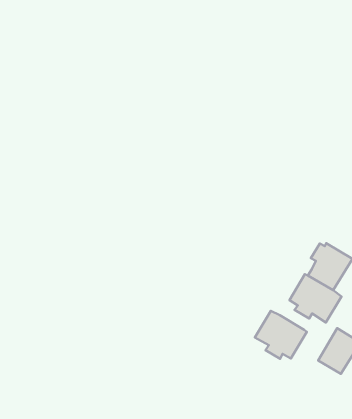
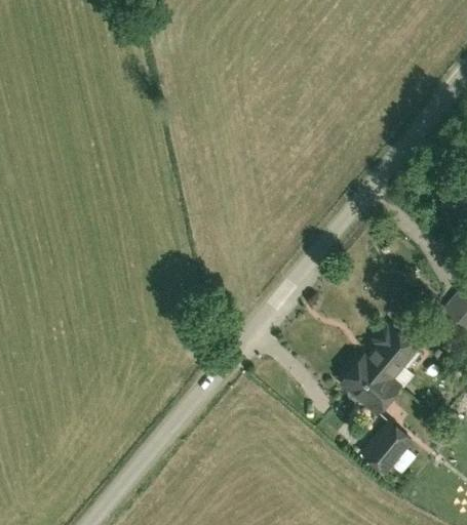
building: [255,311,307,359] -> none

